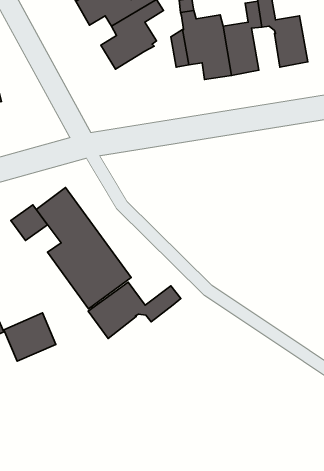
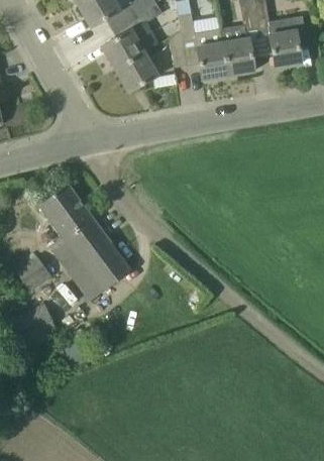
building: none -> [116,52,157,92]
building: [11,205,47,240] -> [16,256,51,291]
building: [88,282,181,338] -> none

